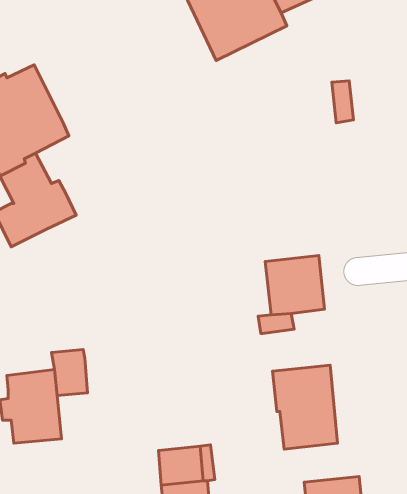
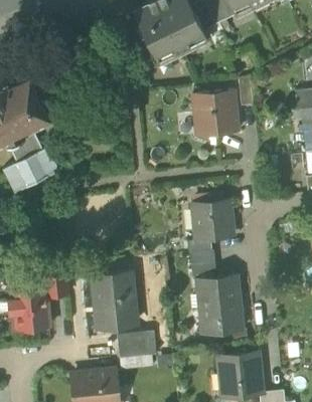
building: none -> [192,90,238,136]
building: none -> [189,250,216,279]
building: none -> [92,271,134,330]

